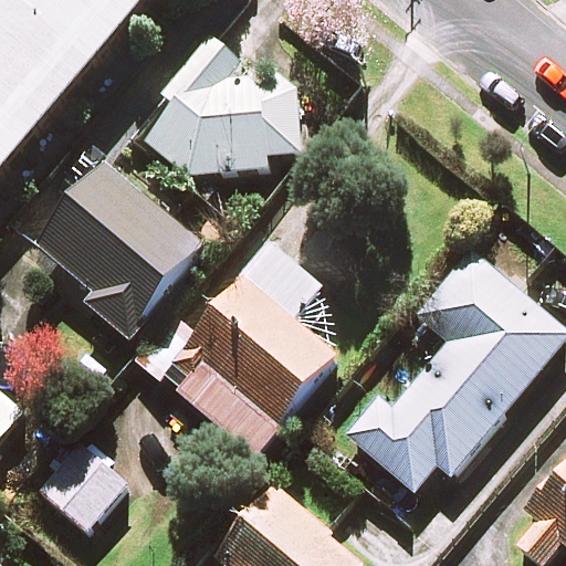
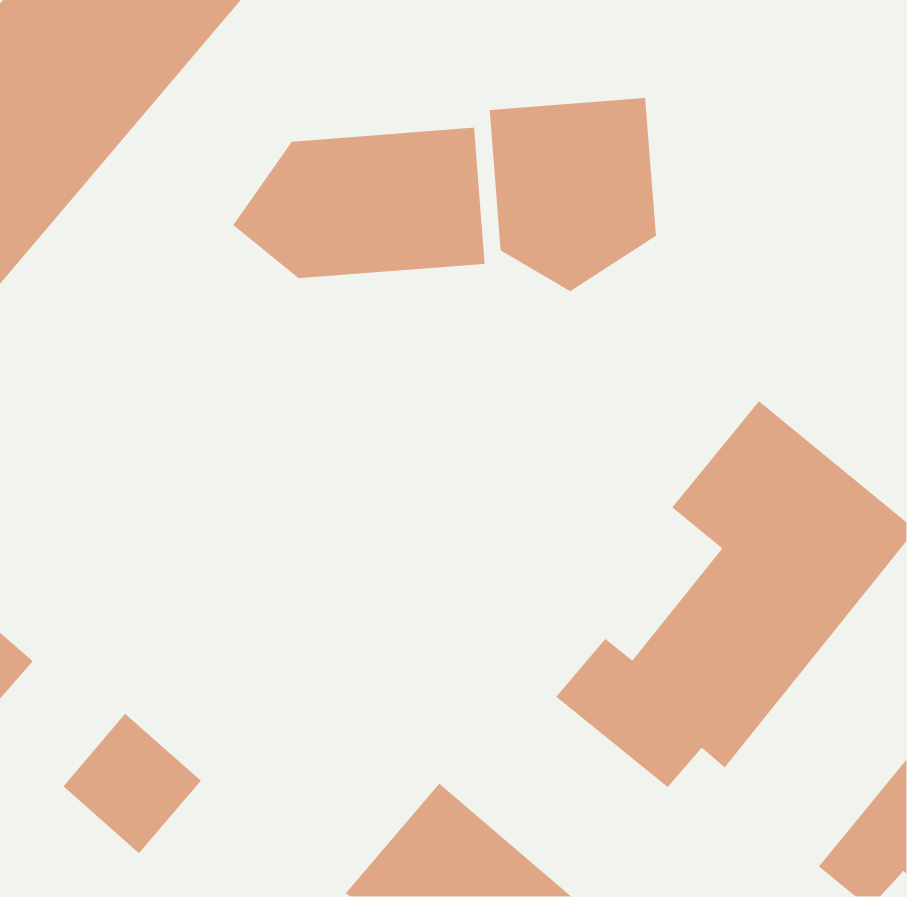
building: none -> [489,97,657,292]
building: [32,160,200,334] -> none
building: [145,276,333,451] -> none

